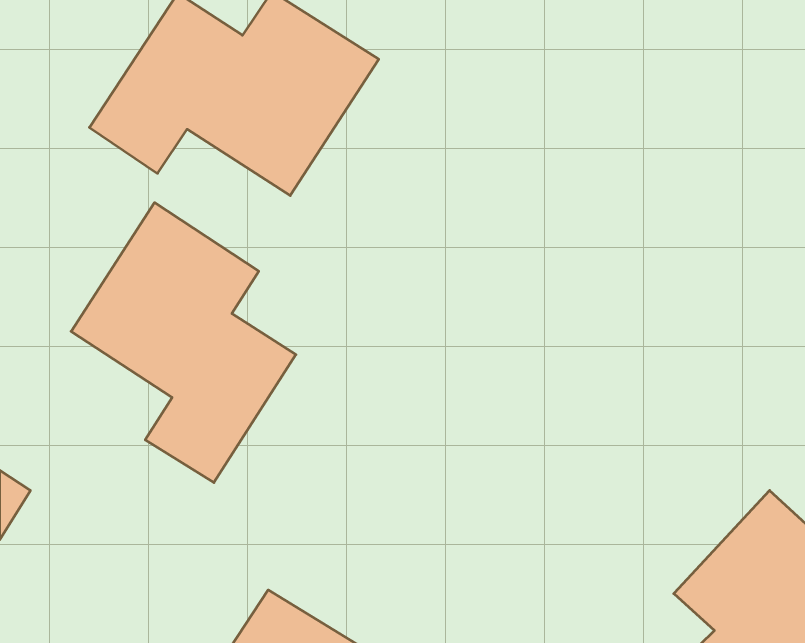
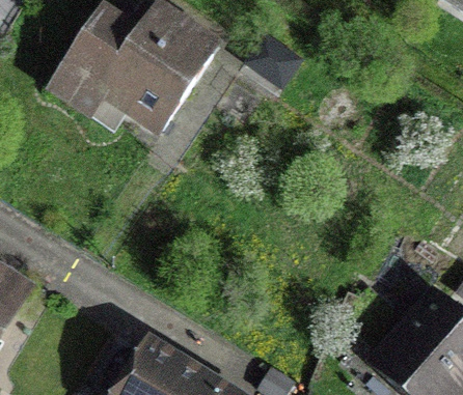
building: [71,203,296,483] -> none

